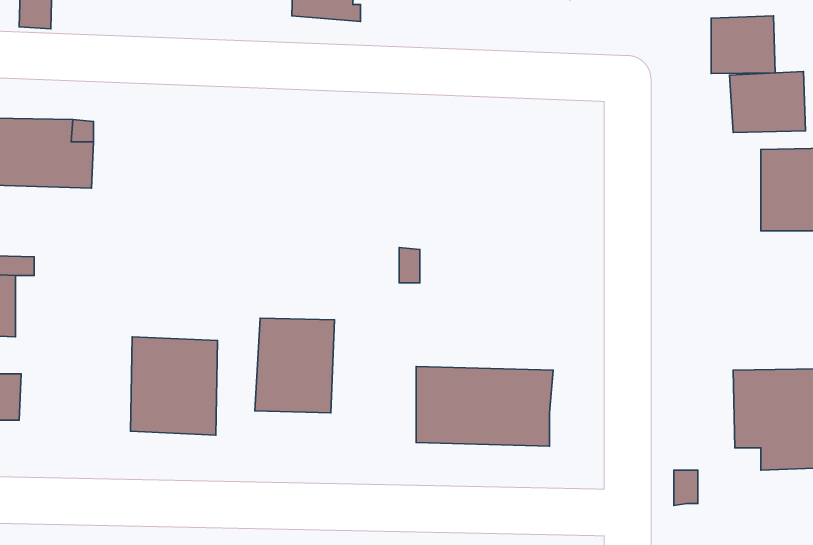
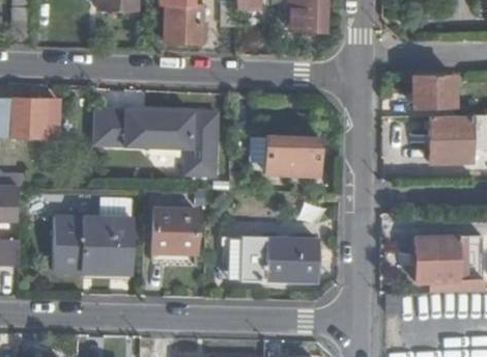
building: [711,16,775,74] -> none
building: none -> [94,110,217,175]
building: none -> [266,132,318,174]
building: none -> [52,219,81,273]

